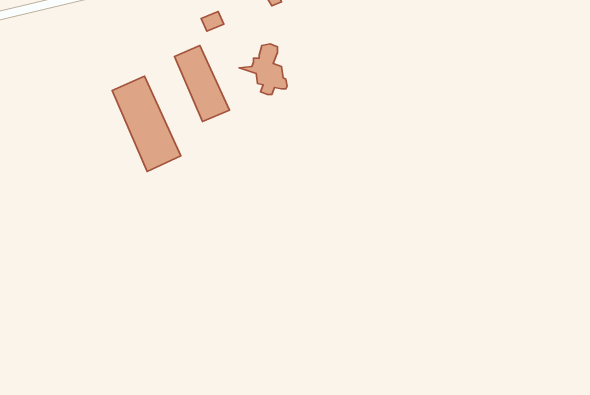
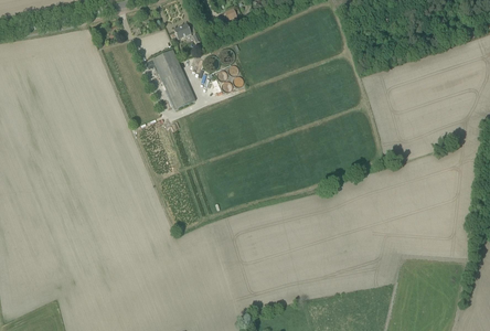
building: [112,76,181,172] -> none

